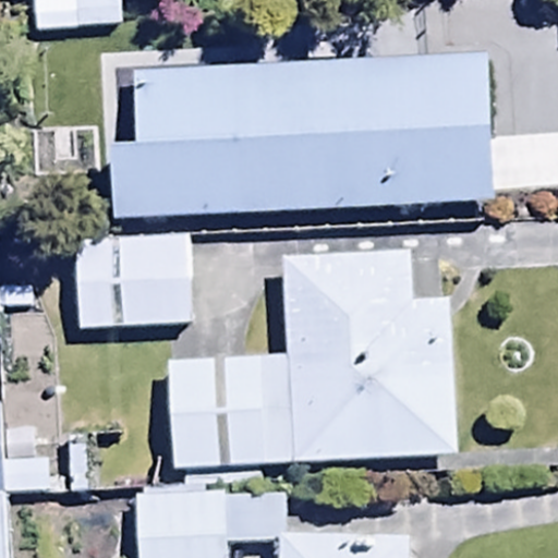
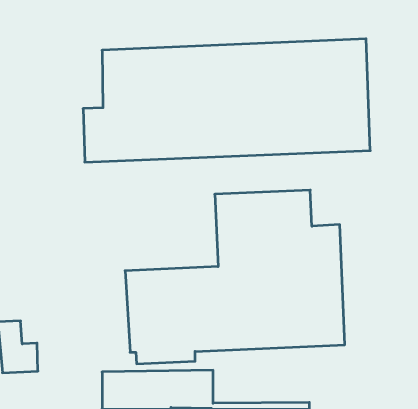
building: [76,235,186,325] -> none

